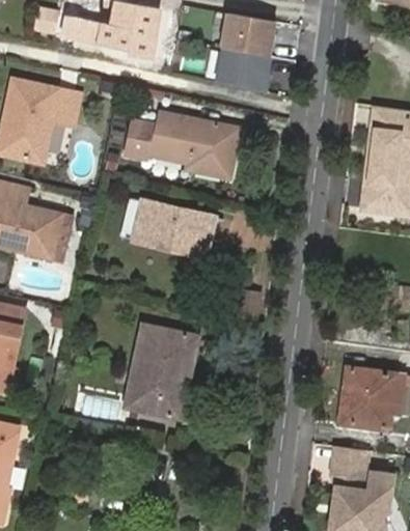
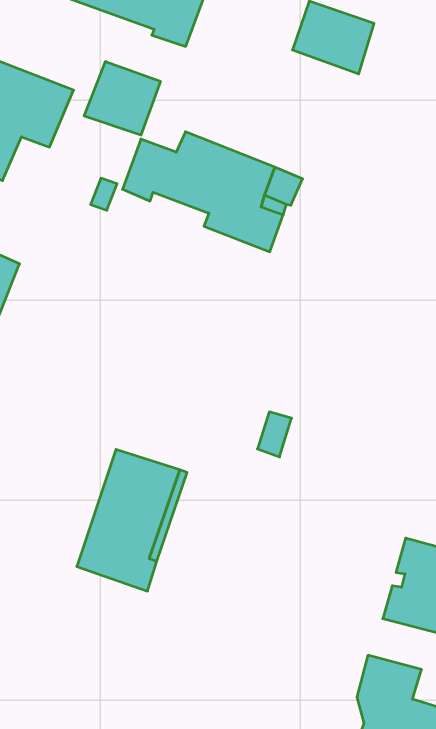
building: [215,48,268,93] -> none
building: none -> [84,61,160,135]
building: [138,206,218,261] -> none

